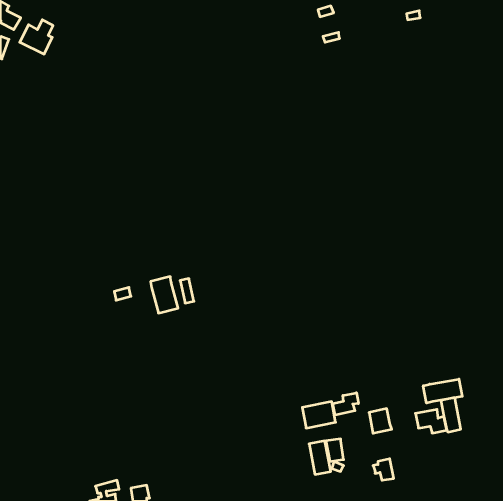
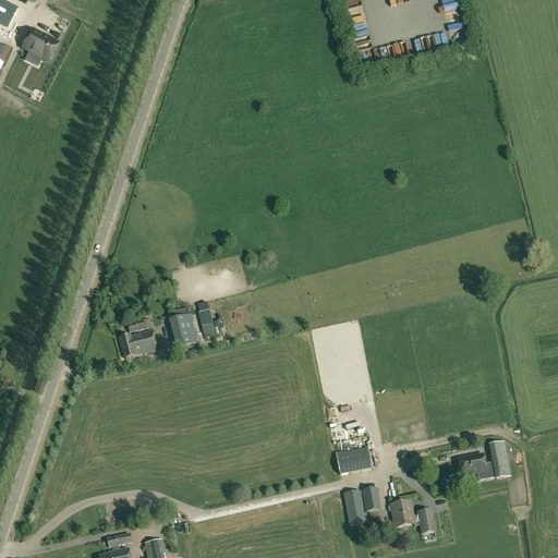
building: none -> [120,329,157,357]
building: [423,379,462,403] -> none
building: [333,393,358,415] -> none
building: [369,409,392,433] -> [390,499,415,526]

